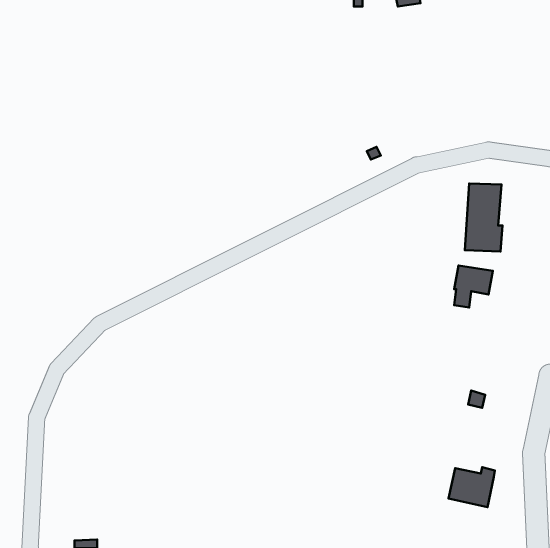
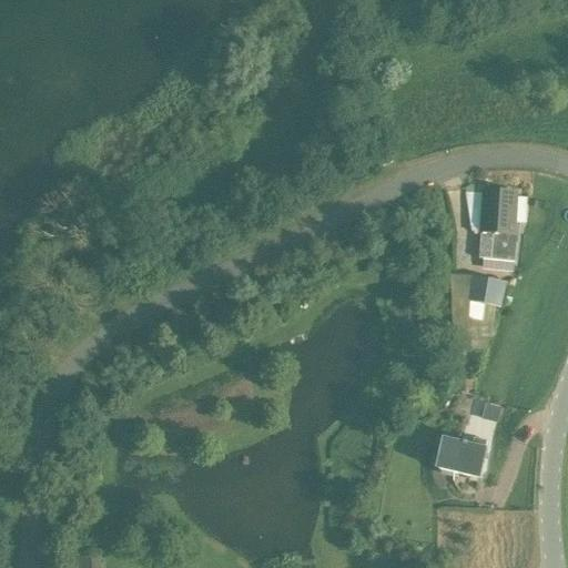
building: [449,467,495,507] -> [438,435,486,476]

